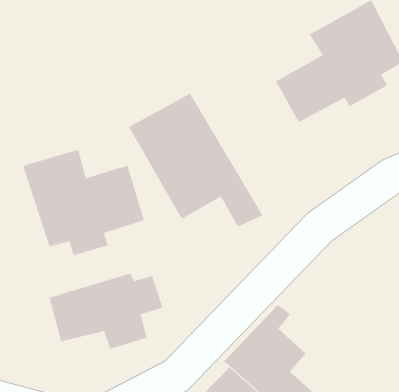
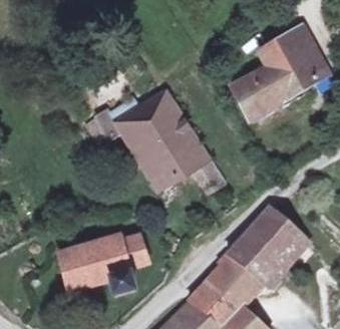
building: [23,149,144,256] -> none
building: none -> [227,210,303,295]

